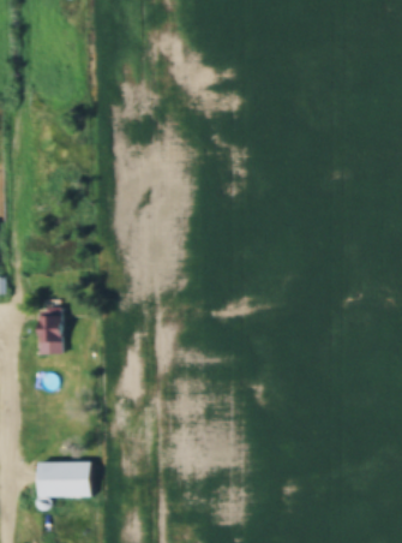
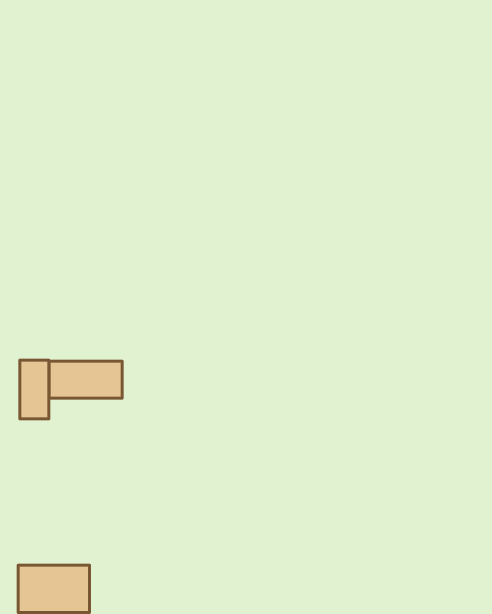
building: none -> [49,361,122,398]

